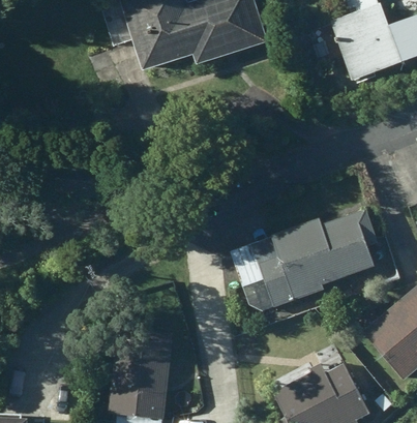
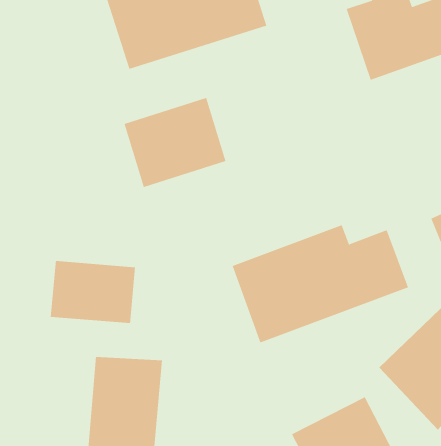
building: none -> [124,97,226,188]
building: none -> [50,260,136,324]

